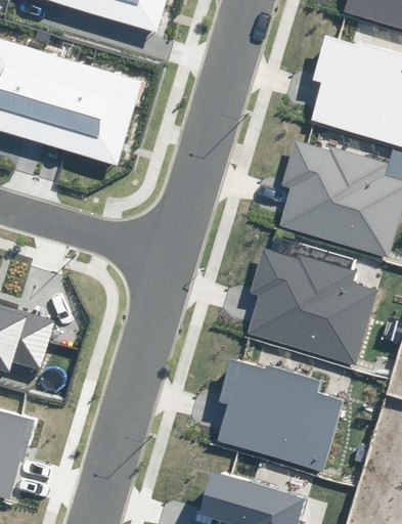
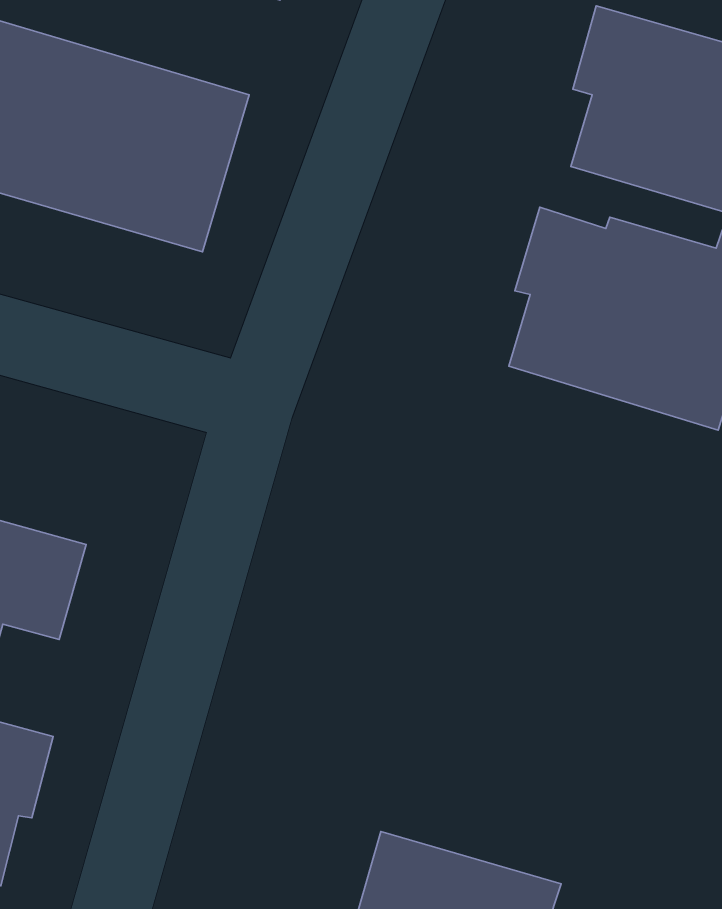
building: [247,249,377,365] -> none
building: [216,359,344,473] -> none

